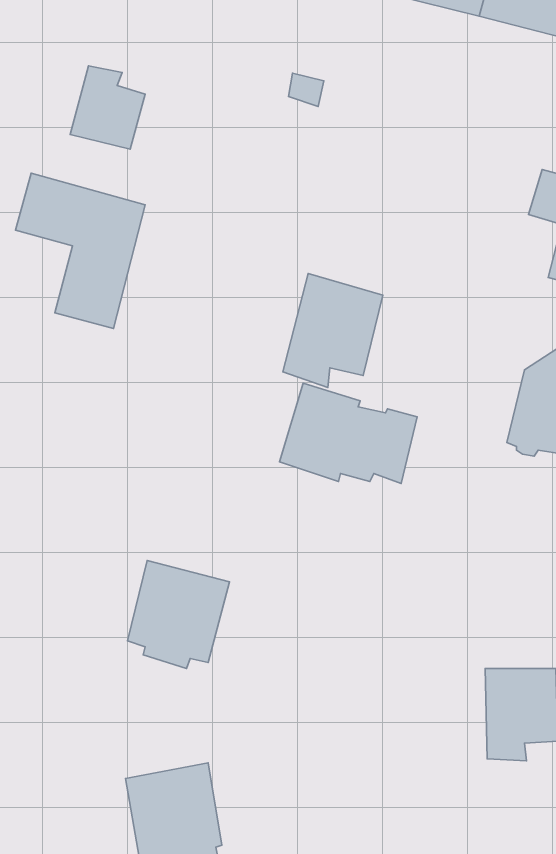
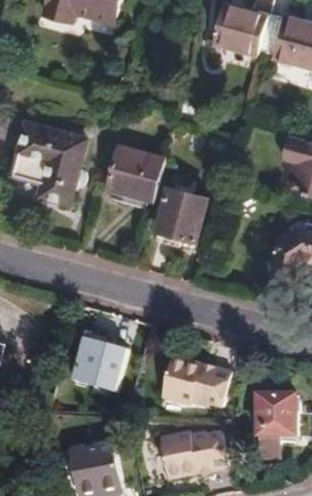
building: [70,66,145,149] -> none
building: none -> [104,144,163,200]
building: [279,383,417,483] -> [159,354,231,406]
building: none -> [160,432,227,479]

